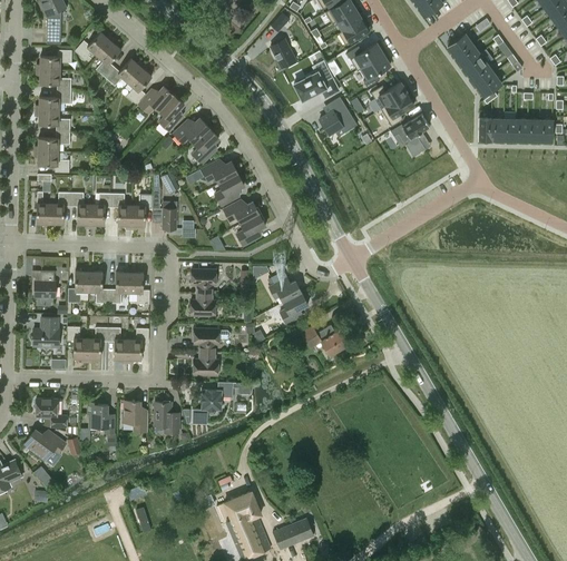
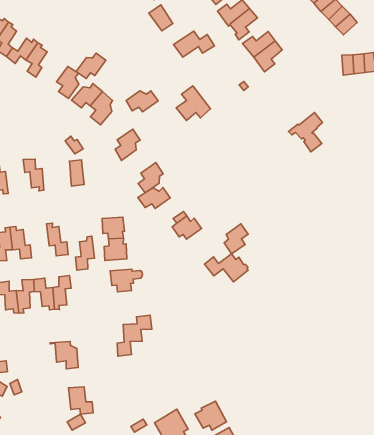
building: [138,87,173,114] -> [76,53,106,78]
building: [319,97,356,135] -> [176,86,210,121]
building: [390,114,429,157] -> [288,112,323,152]
building: [202,160,237,184] -> [126,91,158,112]
building: [90,194,111,229] -> none
building: [130,195,151,230] -> none
building: [223,200,258,224] -> [138,188,170,209]
building: [108,268,129,304] -> [75,236,94,270]
building: [280,293,307,325] -> [224,224,248,254]
building: [193,353,217,376] -> none
building: [154,402,178,433] -> [68,387,93,414]
building: [87,403,114,433] -> none
building: none -> [195,401,227,430]

